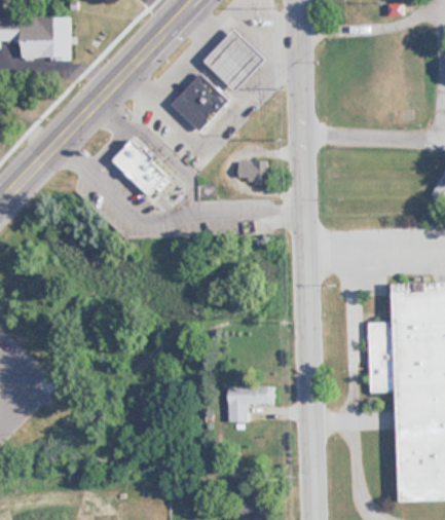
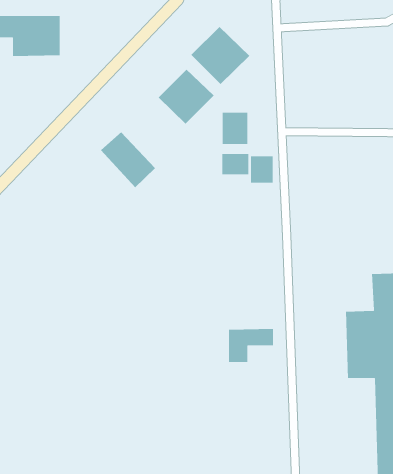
building: none -> [222,112,248,145]
building: none -> [250,156,273,183]
building: [227,386,274,422] -> [228,328,274,363]

